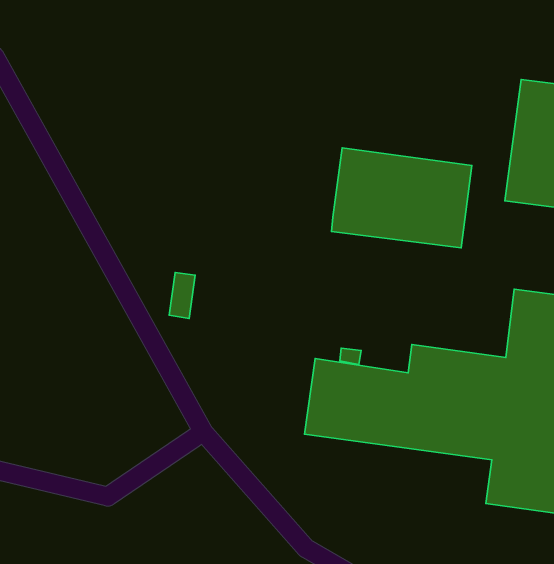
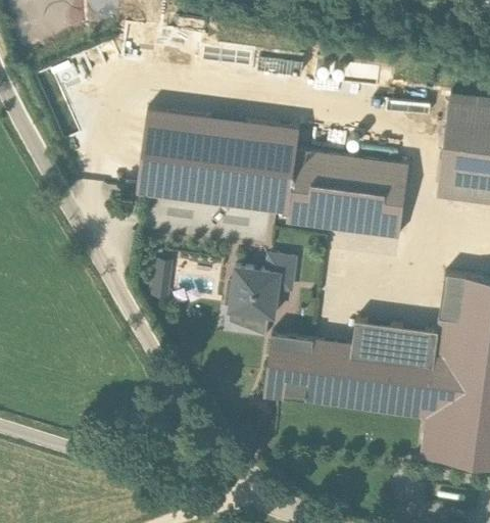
building: none -> [138,109,300,211]
building: none -> [228,256,299,335]

